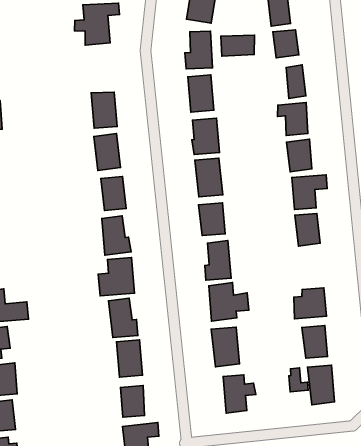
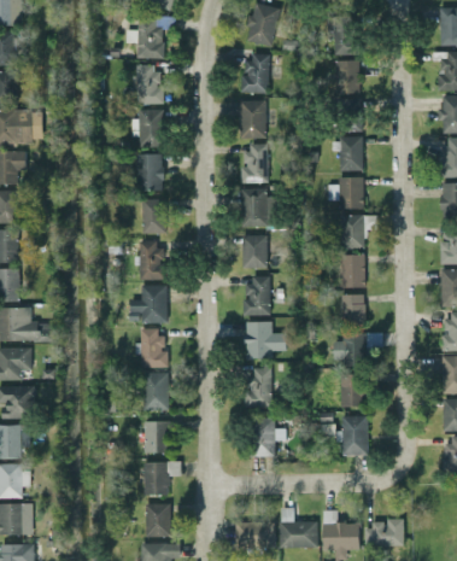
building: [221,35,254,56] -> none
building: none -> [136,64,163,104]
building: none -> [340,294,364,322]

